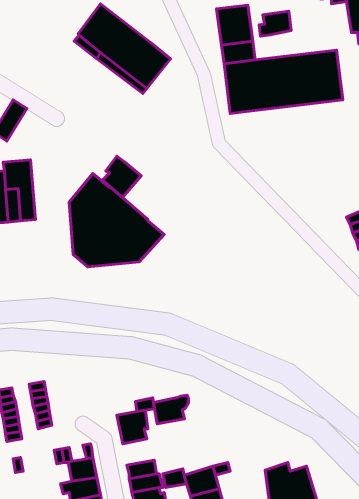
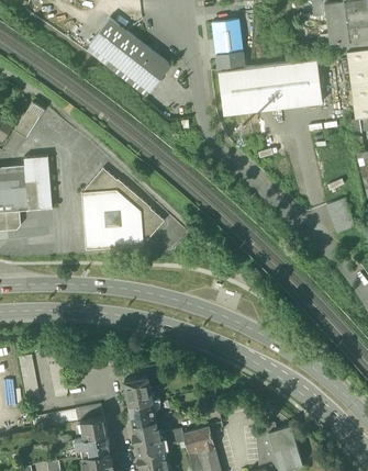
building: [259,11,291,36] -> none
building: [102,156,141,197] -> none
building: [153,395,188,424] -> [129,399,159,424]

